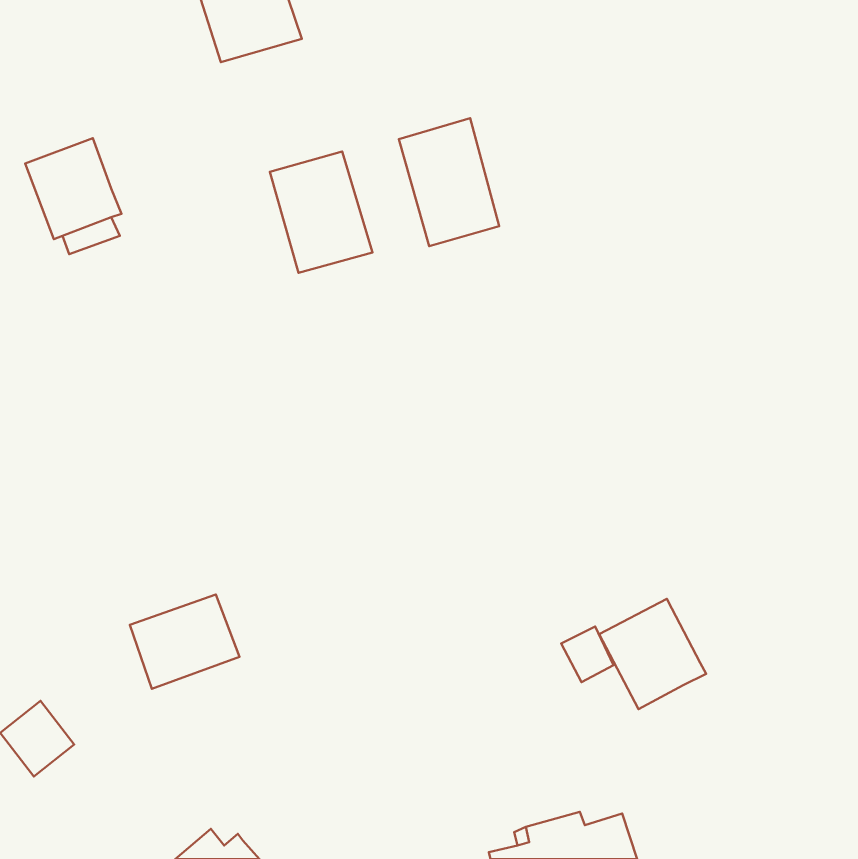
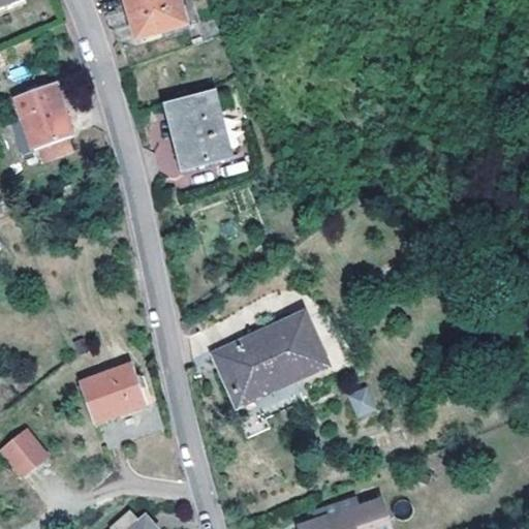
building: [399,118,499,246] -> none
building: none -> [218,318,321,401]
building: [599,599,706,709] -> none

